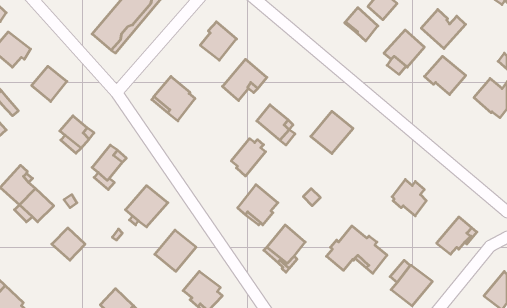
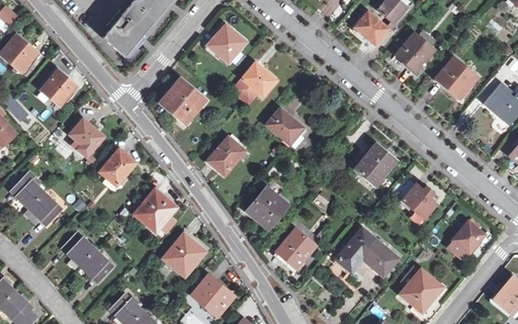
building: [421,9,466,49] -> none
building: [311,111,353,154] -> [354,145,397,187]
building: [231,139,266,176] -> [209,138,244,175]
building: none -> [79,248,113,282]

